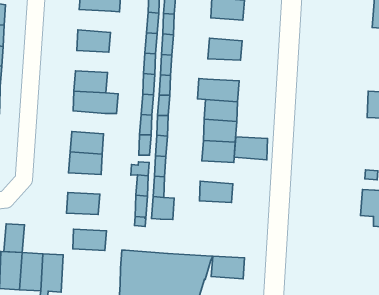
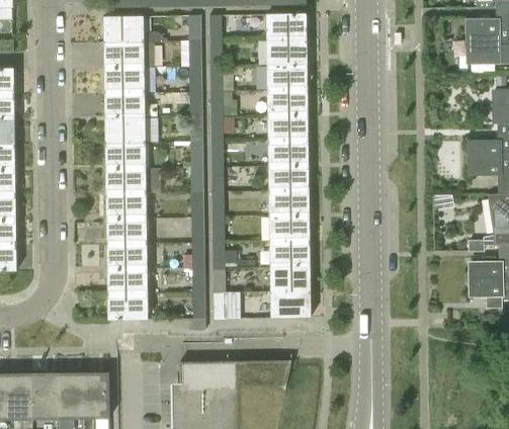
building: none -> [104,66,145,92]
building: none -> [267,65,308,90]
building: none -> [105,116,145,143]
building: none -> [267,114,308,141]
building: none -> [106,192,146,218]
building: [234,137,268,160] -> [269,241,310,267]
building: [4,224,24,252] -> none
building: [73,229,106,250] -> [106,268,147,293]
building: [211,256,245,279] -> [270,290,310,317]

